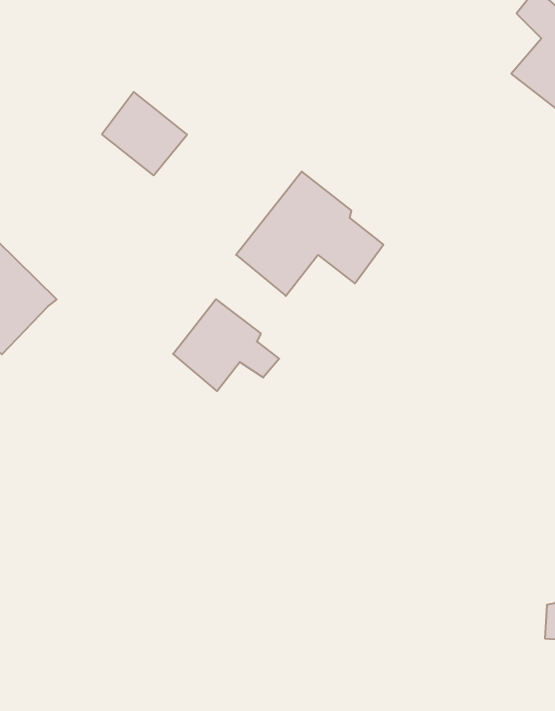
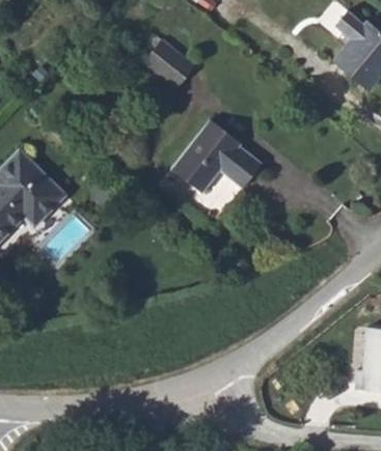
building: [102,92,187,175] -> [144,40,194,89]
building: [173,299,279,391] -> none

